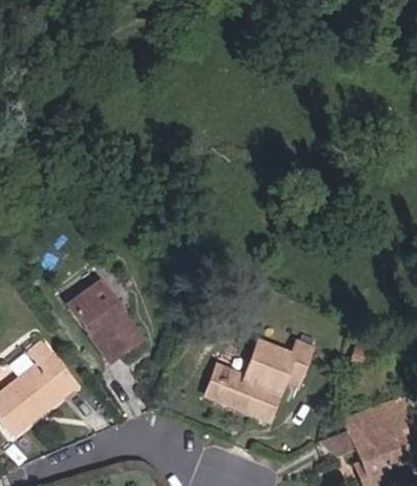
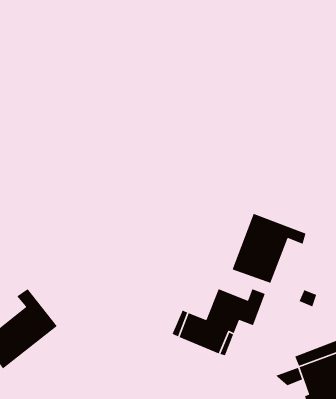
building: none -> [232,213,307,284]
building: [68,281,141,360] -> none

